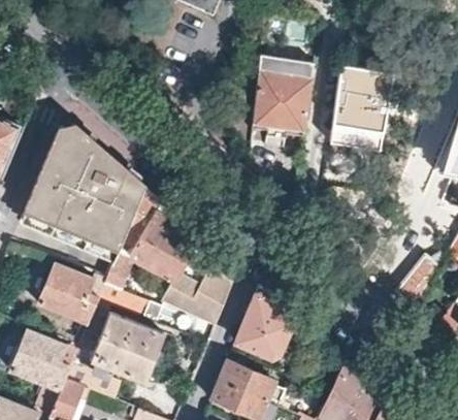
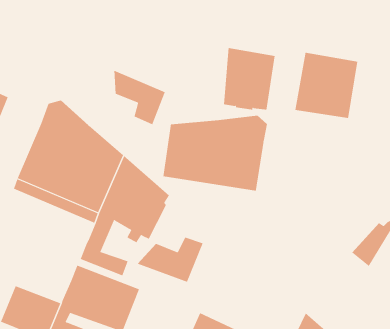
building: none -> [114,70,165,125]
building: none -> [163,115,268,191]
building: [37,264,103,325] -> none
building: [235,292,302,364] -> none

